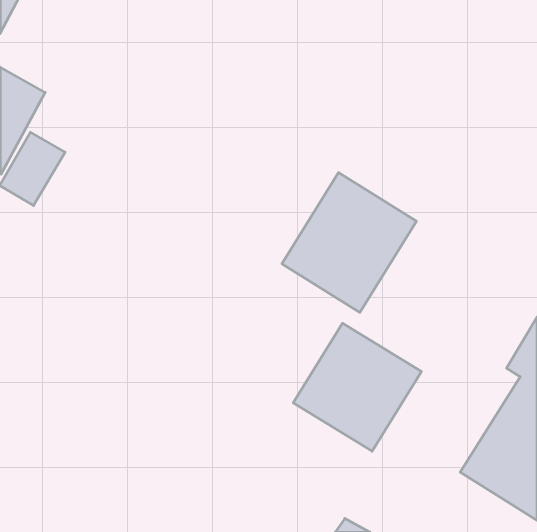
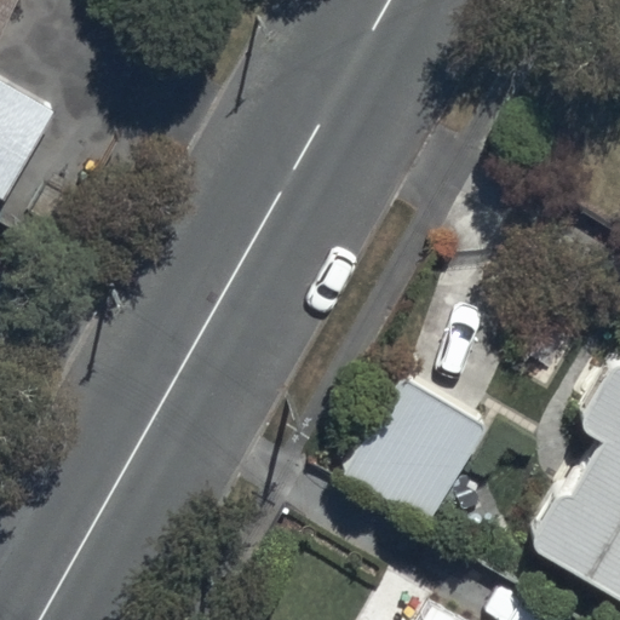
building: [282,173,416,312] -> none

